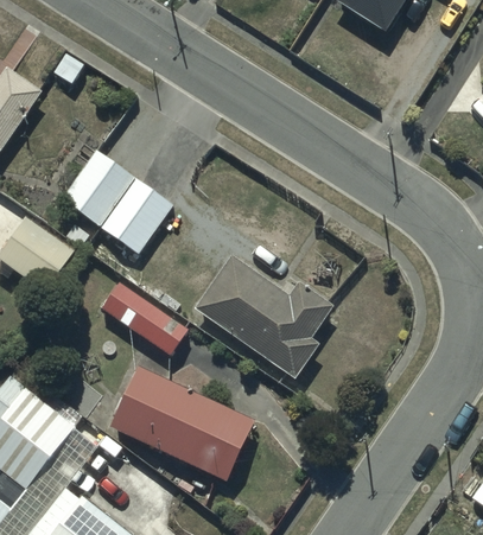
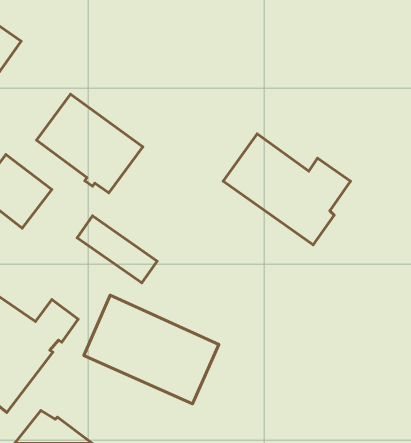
building: [196,256,333,376] -> [223,134,351,245]

